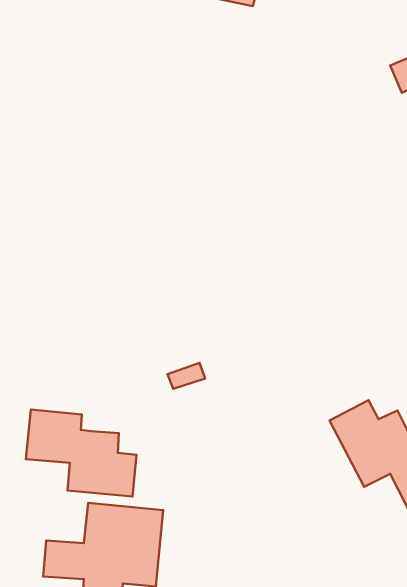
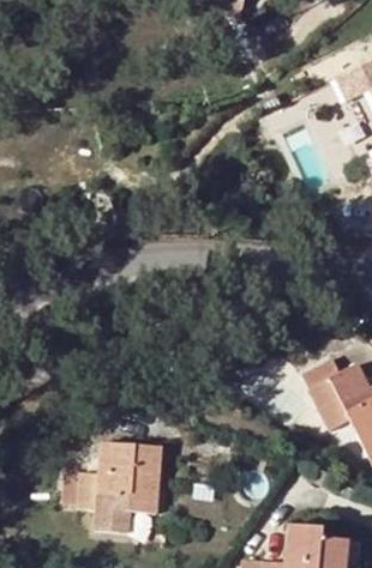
building: [26,410,136,496] -> none

